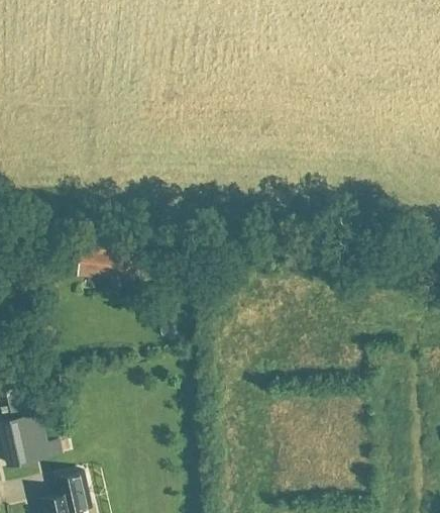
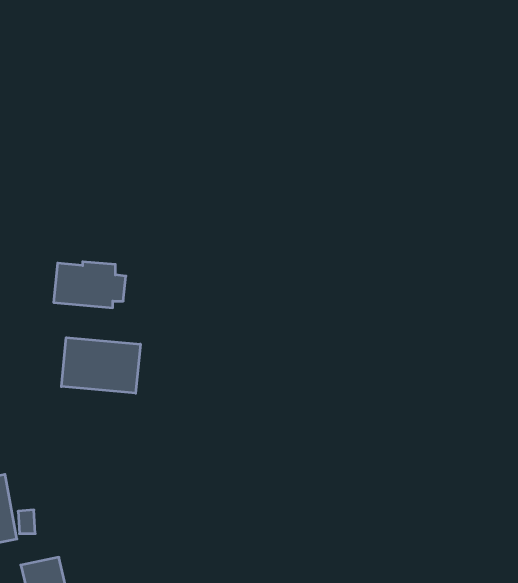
building: none -> [61,338,140,393]

